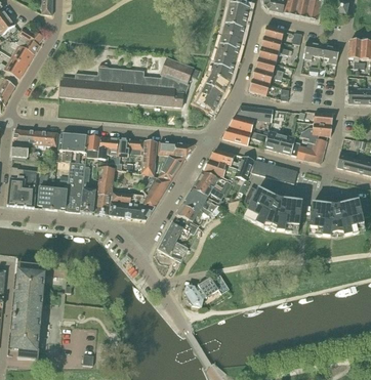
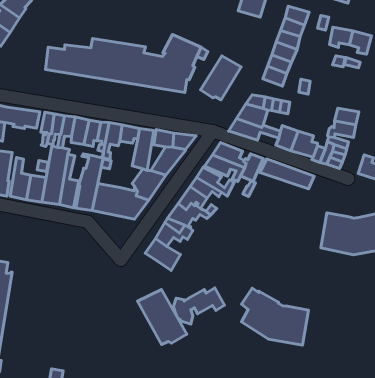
building: [211,33,242,81] -> none
building: [243,185,301,231] -> [241,288,309,345]
building: none -> [138,289,187,345]

